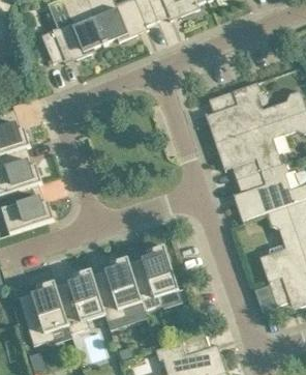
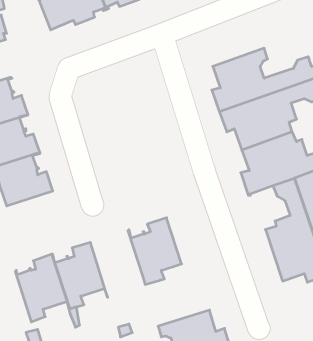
building: [90,258,141,322] -> none

